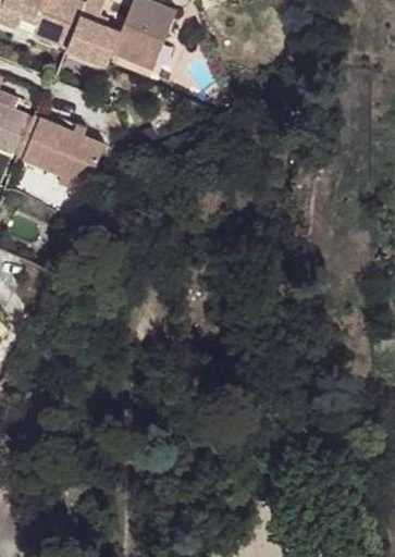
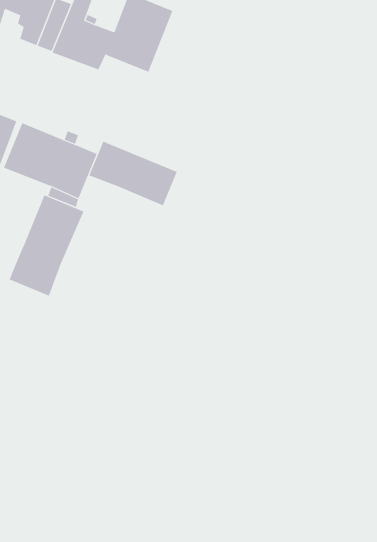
building: none -> [89,141,178,206]
building: none -> [9,194,84,296]

